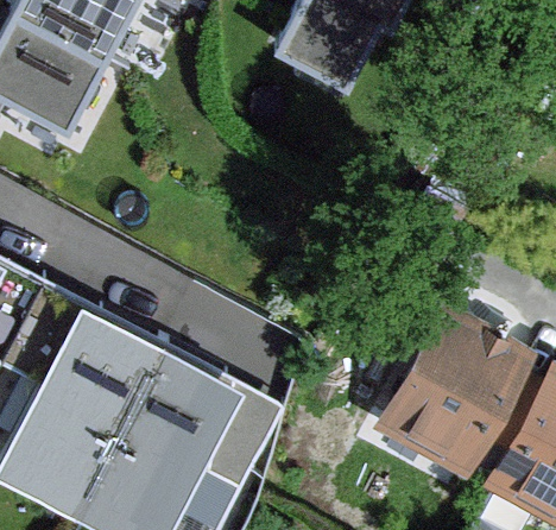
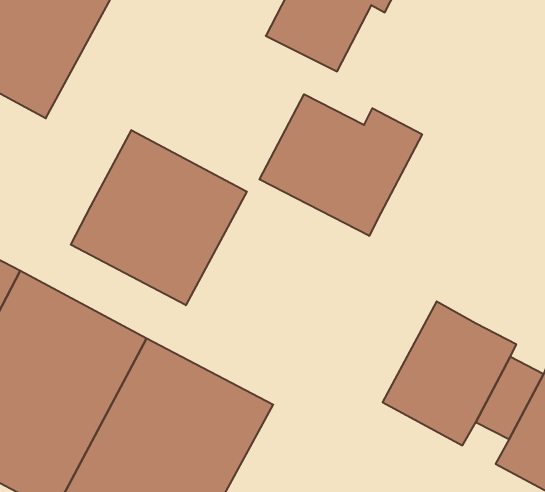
building: none -> [259,94,422,236]
building: none -> [71,130,247,305]

